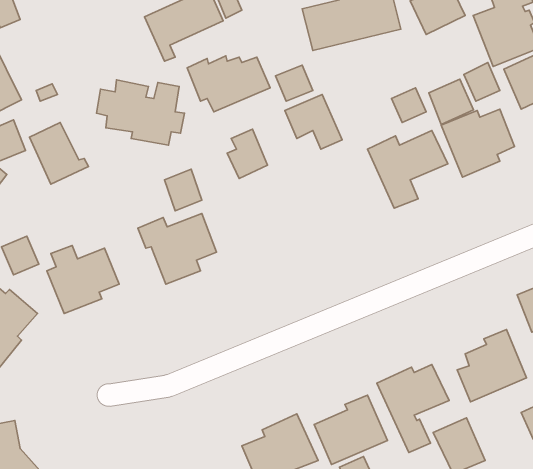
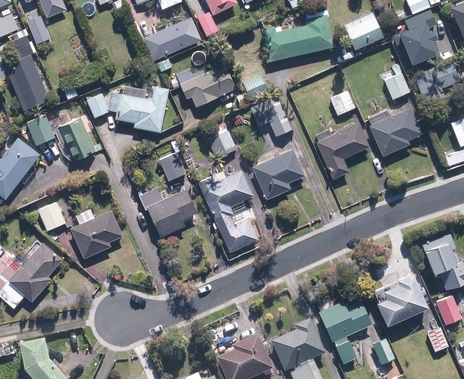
building: [429,79,473,125] -> none
building: none -> [85,93,109,119]
building: none -> [251,148,303,200]
building: none -> [199,168,259,252]

